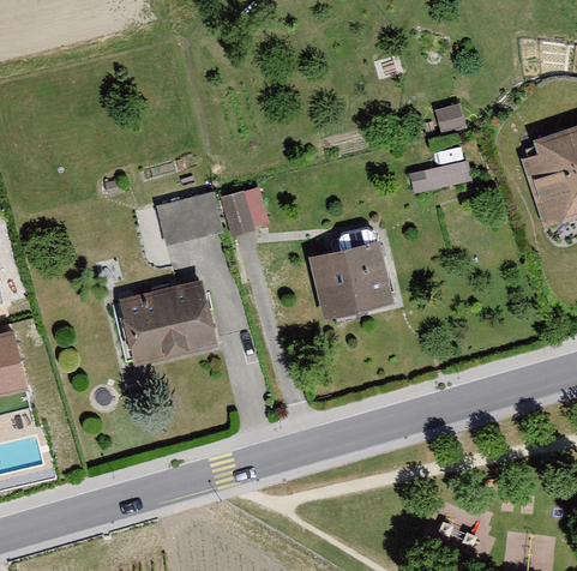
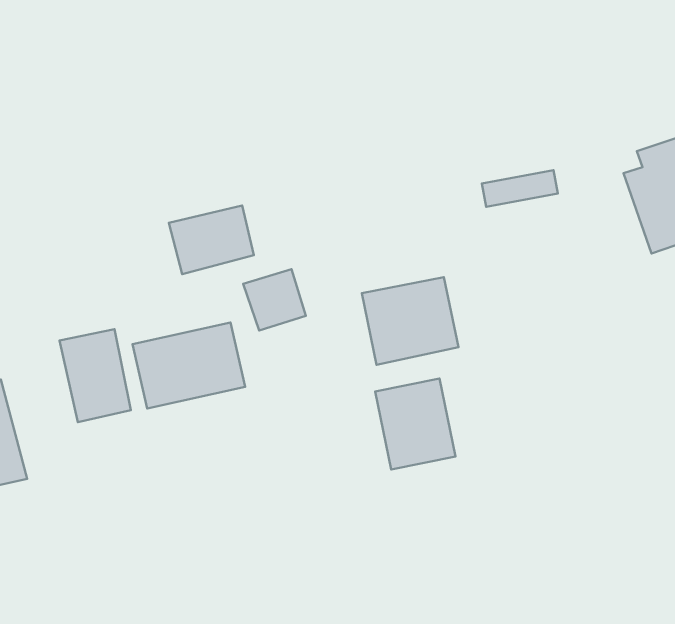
building: [216,184,268,234] -> [243,269,306,331]
building: none -> [59,329,131,422]
building: none -> [375,378,456,470]

